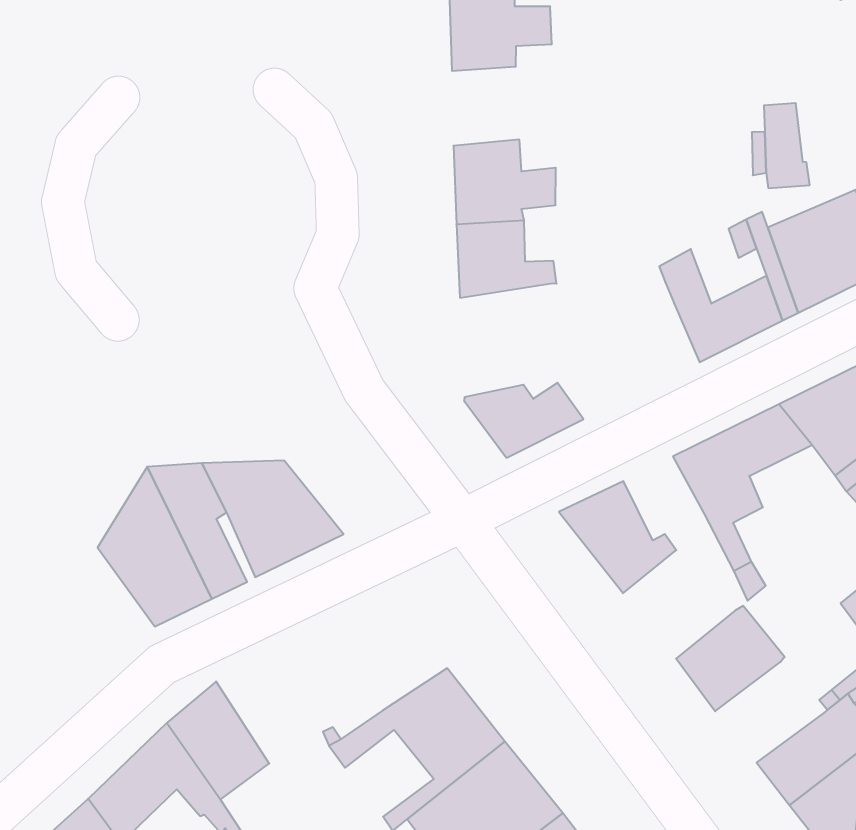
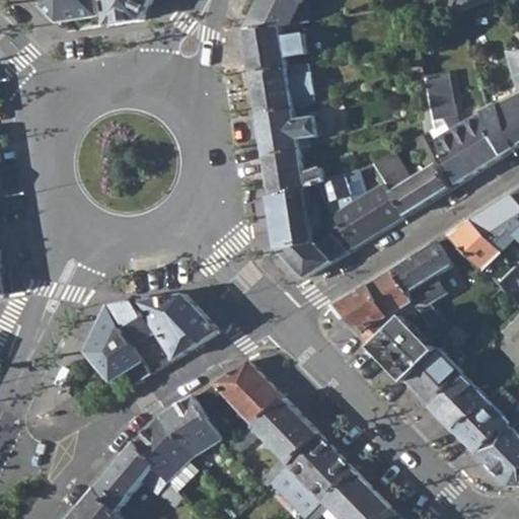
building: none -> [249,64,311,114]
building: none -> [316,167,400,249]
building: none -> [267,184,316,249]
building: none -> [366,270,412,316]
building: none -> [372,317,434,379]
building: none -> [210,361,281,424]
building: none -> [156,396,215,459]
building: none -> [429,375,488,431]

